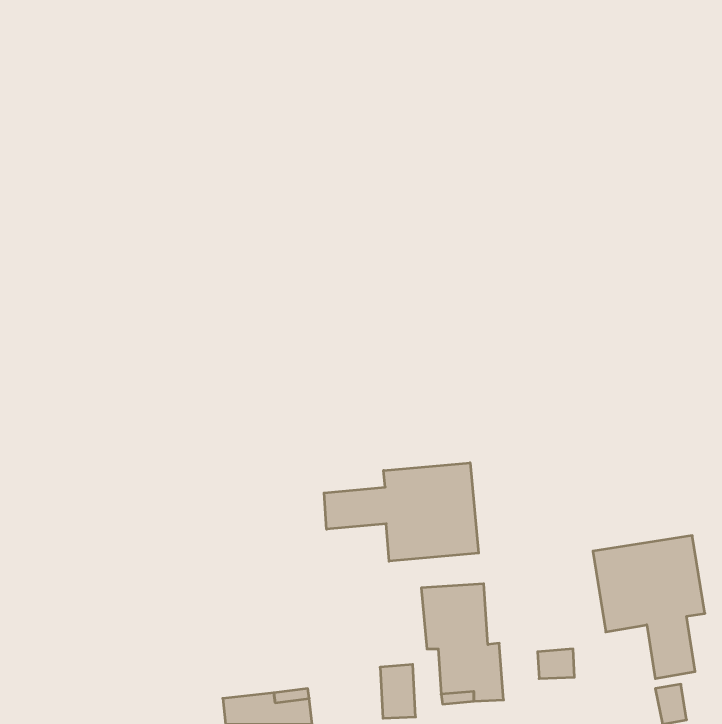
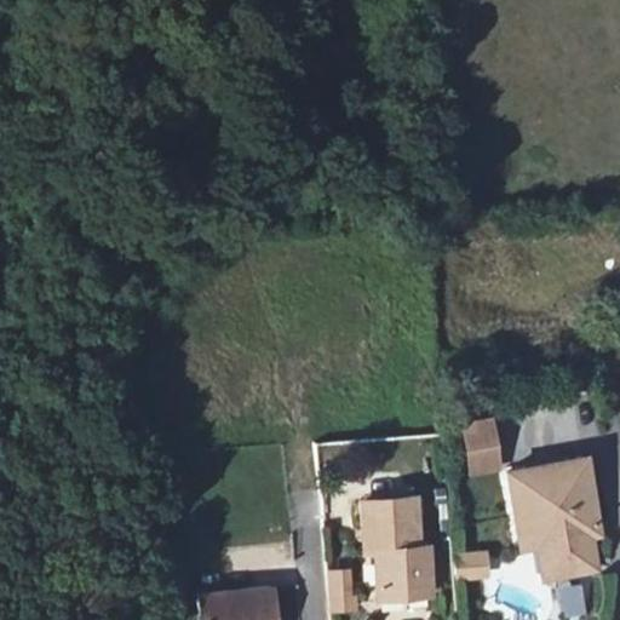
building: [324,463,479,561] -> none
building: none -> [461,418,505,477]

